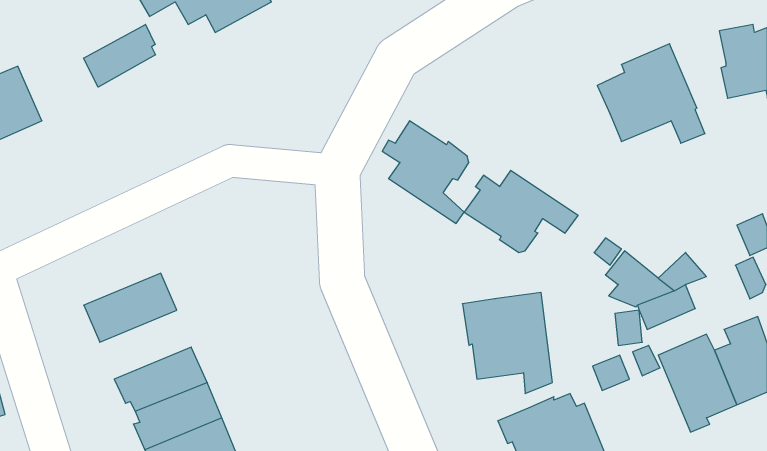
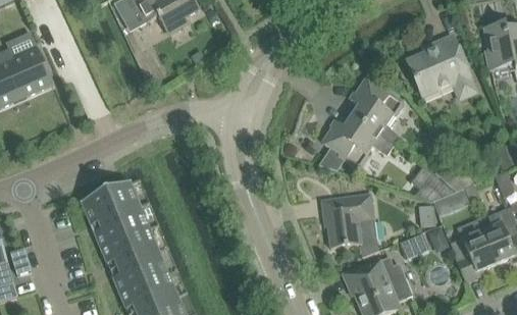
building: [84,24,155,87] -> none
building: [382,121,469,223] -> [347,78,402,144]
building: none -> [90,204,148,248]

